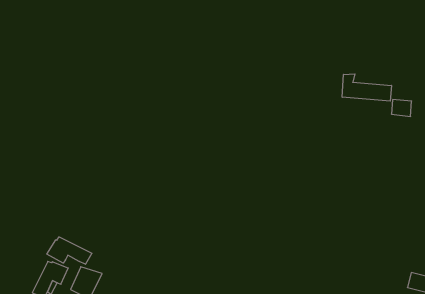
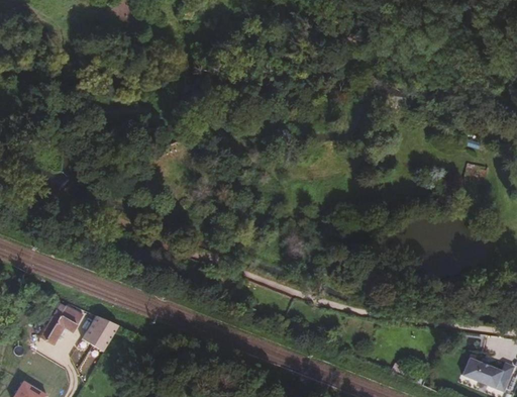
building: [342,74,391,101] -> none
building: [47,237,92,264] -> none

